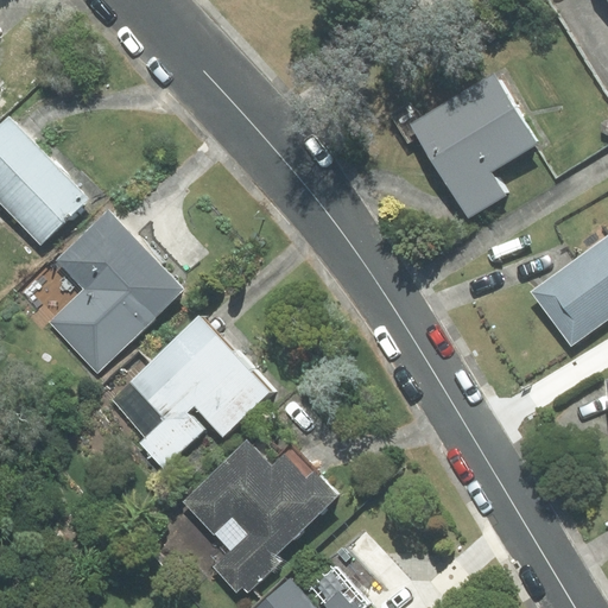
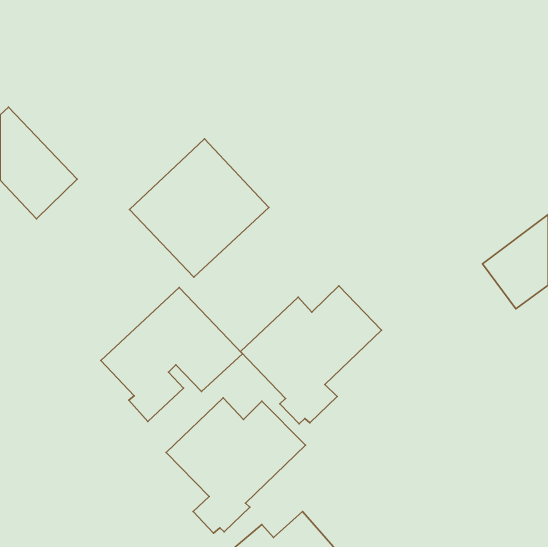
building: [417,78,537,215] -> none
building: [26,215,180,368] -> [129,139,269,277]
building: none -> [240,286,382,424]

